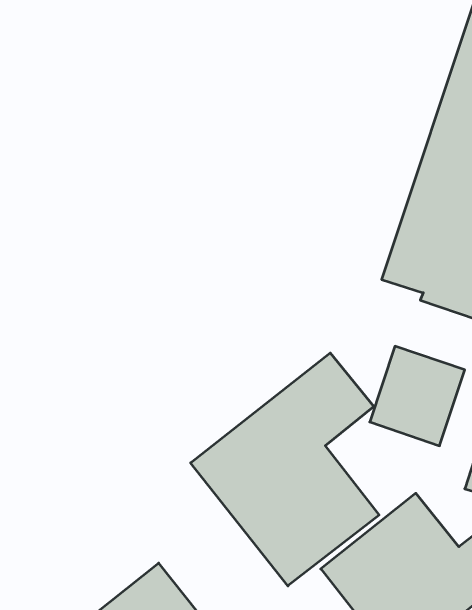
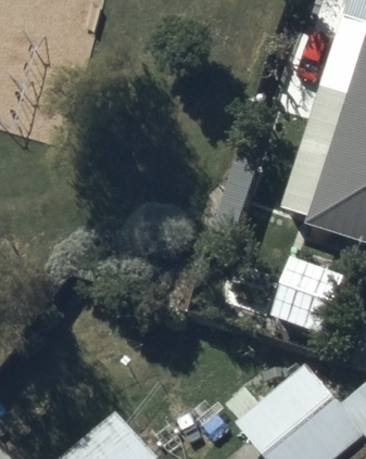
building: [191,353,379,586] -> none

